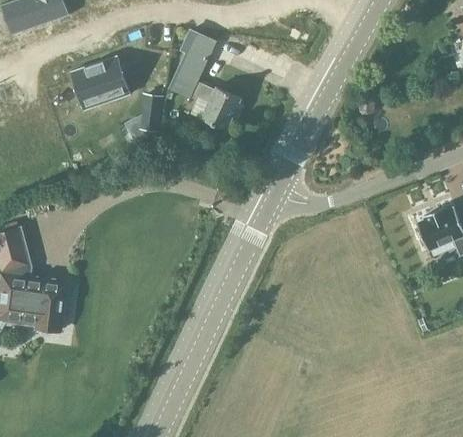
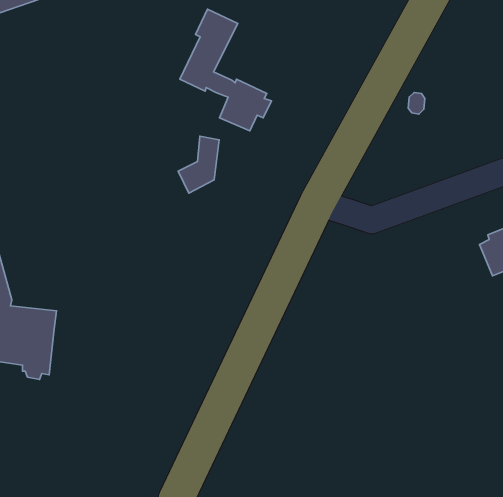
building: [71,56,130,110] -> none
building: [127,94,161,141] -> [178,136,219,193]

